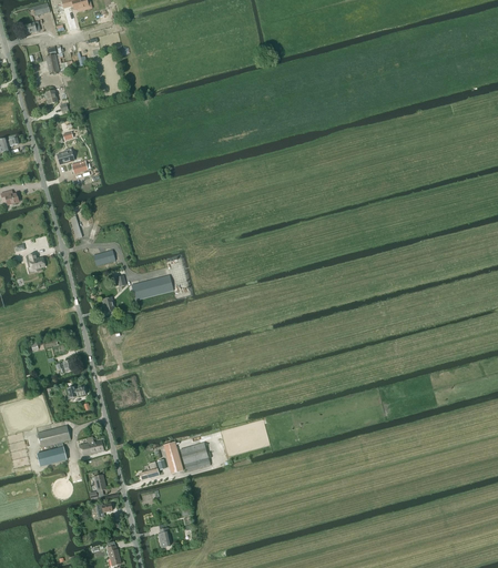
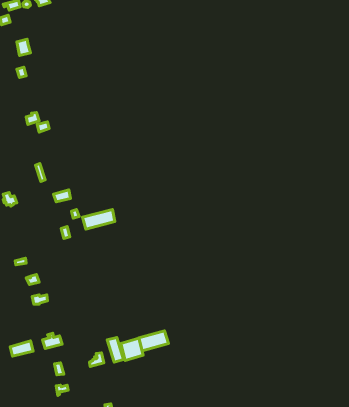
building: [38,425,71,447] -> none
building: none -> [139,331,168,351]

